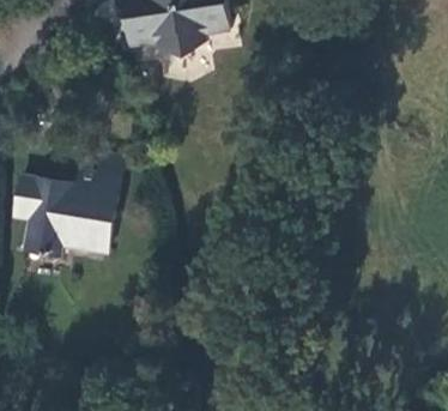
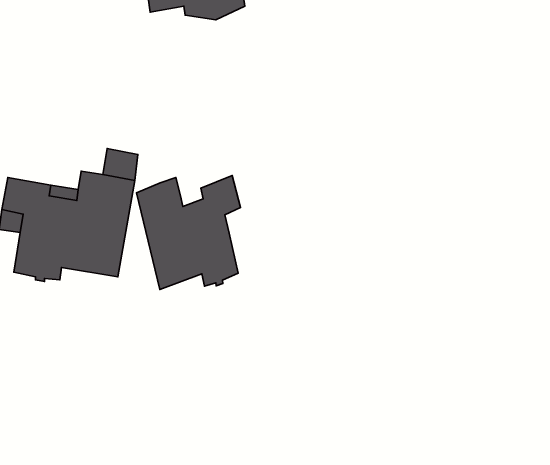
building: none -> [136,175,241,289]

